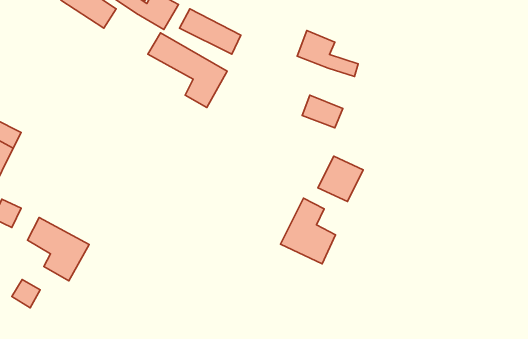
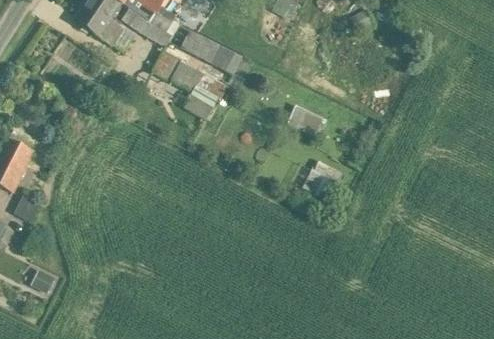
building: [297,30,358,77] -> none
building: [281,198,336,264] -> none
building: [27,217,89,281] -> none

